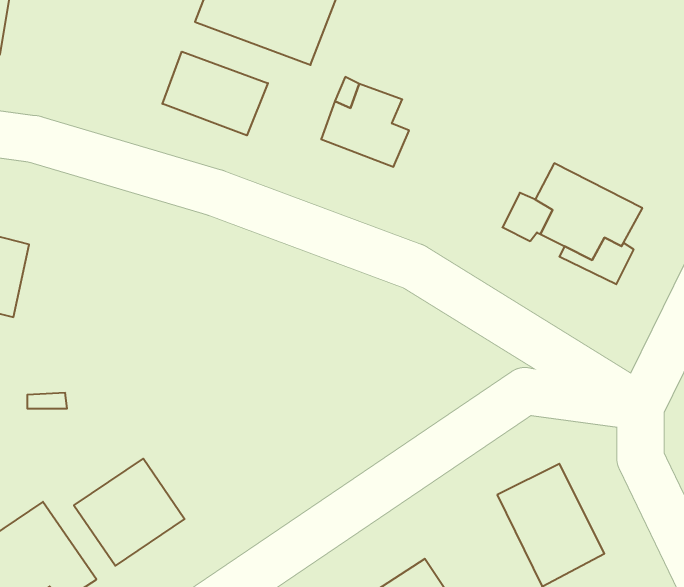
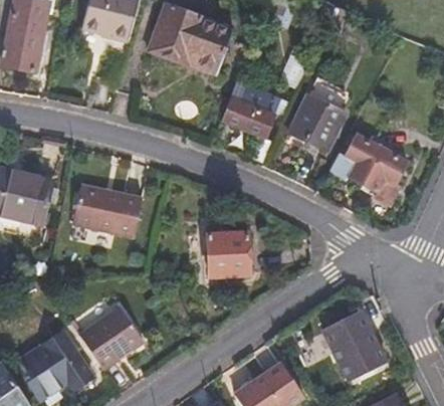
building: [162,52,268,135] -> none
building: none -> [288,94,344,149]
building: none -> [69,186,140,240]
building: none -> [210,233,252,276]

